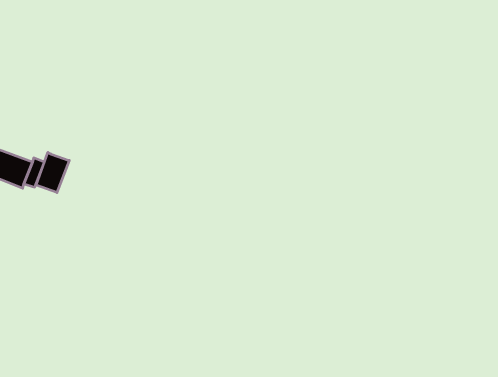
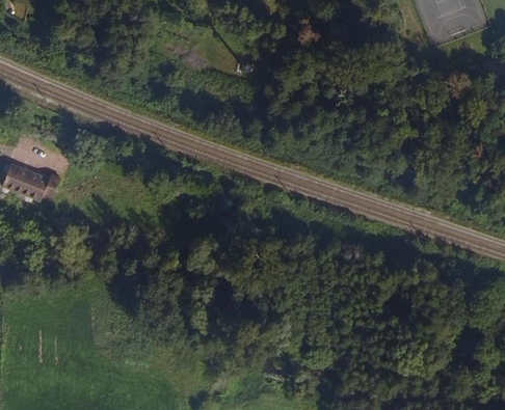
building: [36,152,69,193] -> none

